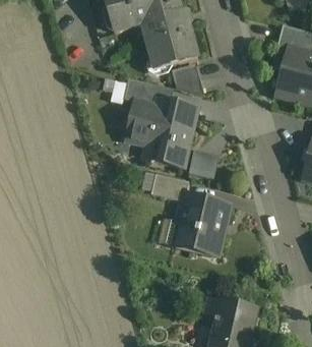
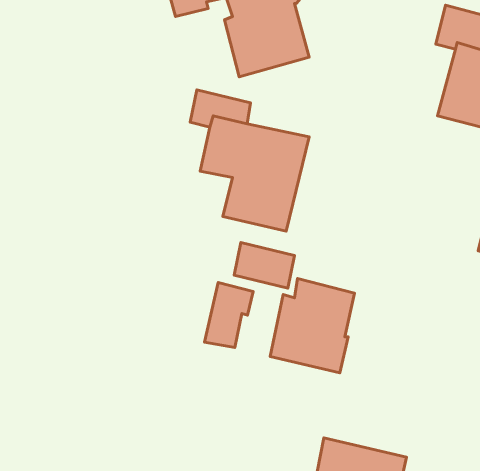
building: [171,63,204,96] -> none
building: [188,147,220,176] -> none
building: none -> [205,283,253,348]

